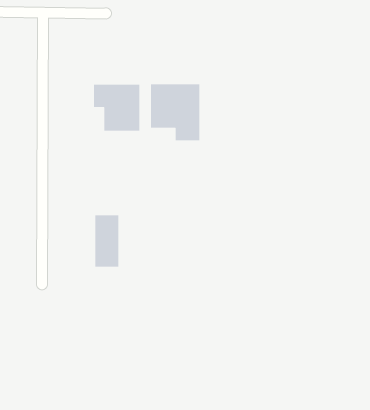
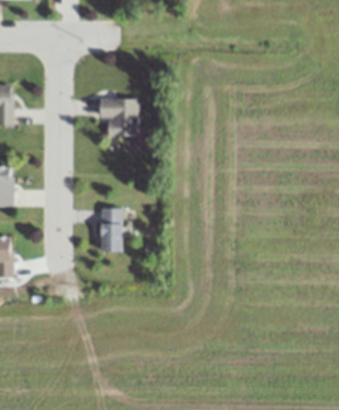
building: [150,83,200,141] -> none

